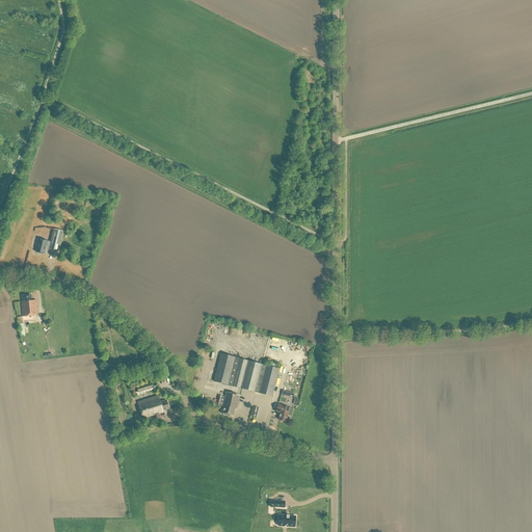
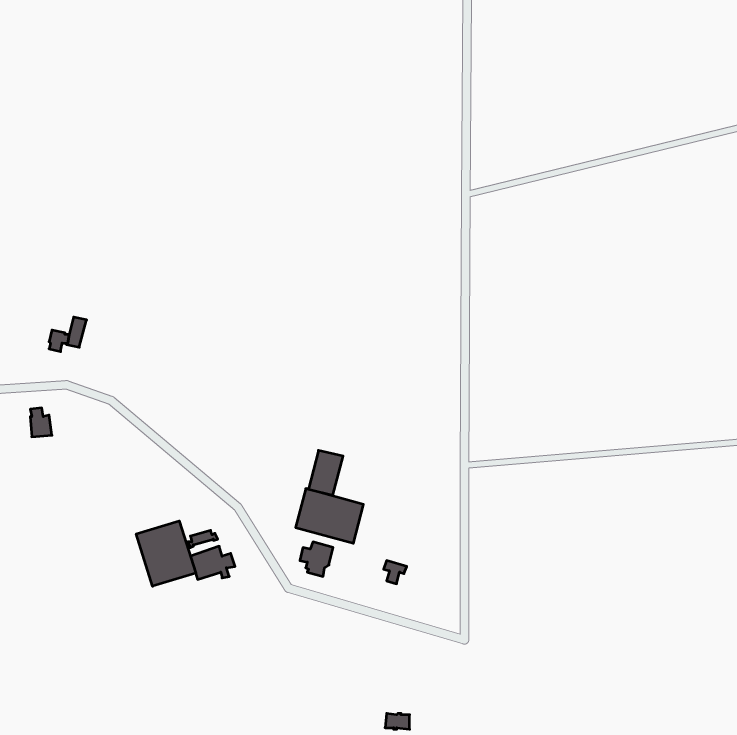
building: [255,364,280,396] -> [308,450,343,495]
building: none -> [136,521,196,586]

